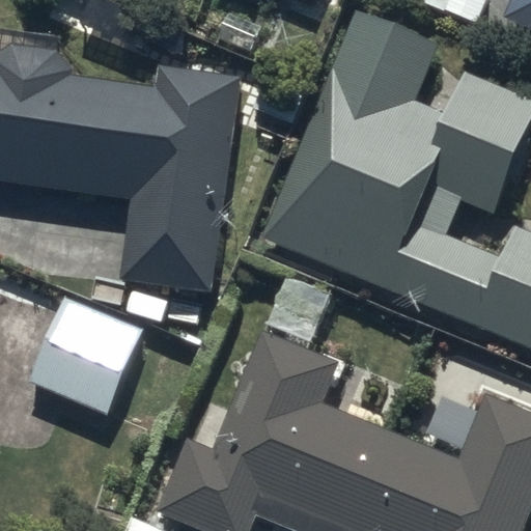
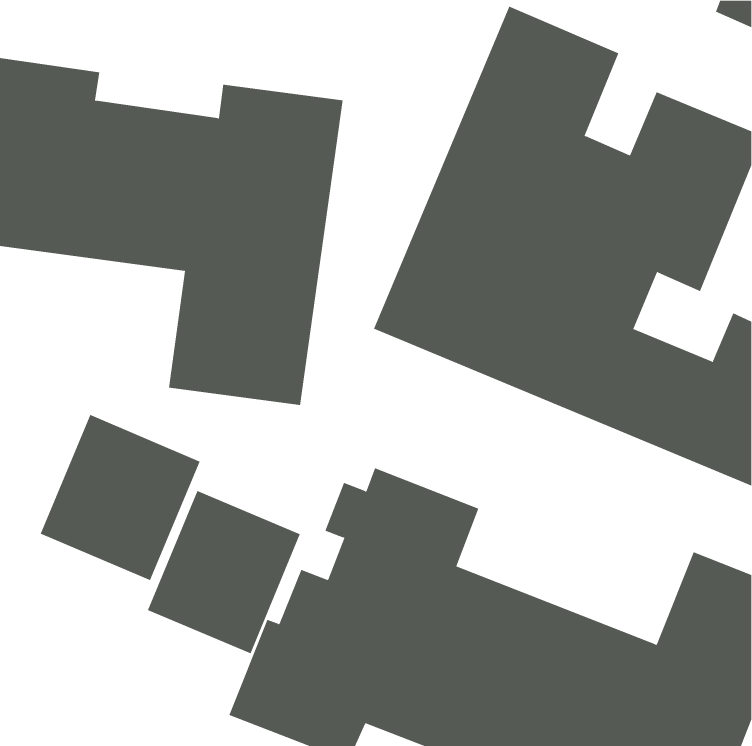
building: none -> [147,490,301,654]

